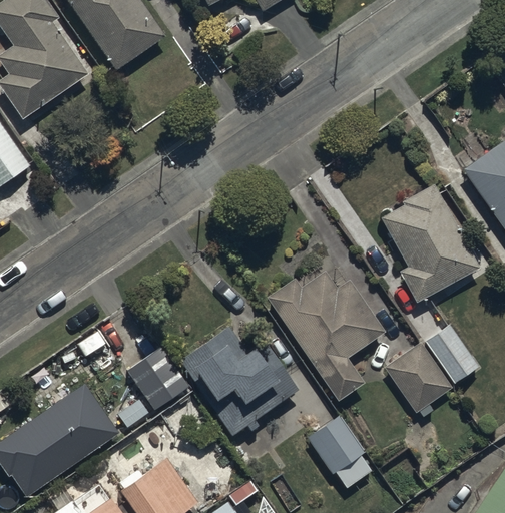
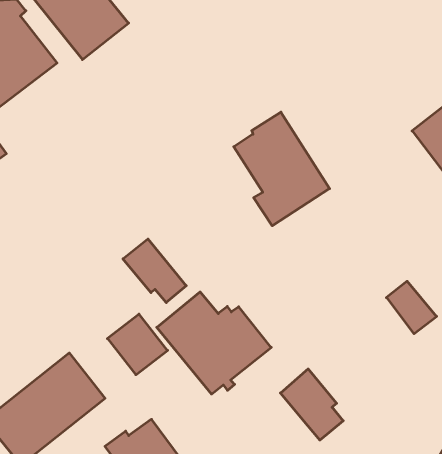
building: [380,183,479,304] -> [234,112,330,226]
building: none -> [123,239,186,303]
building: [268,272,385,400] -> none
building: [384,343,452,420] -> none

